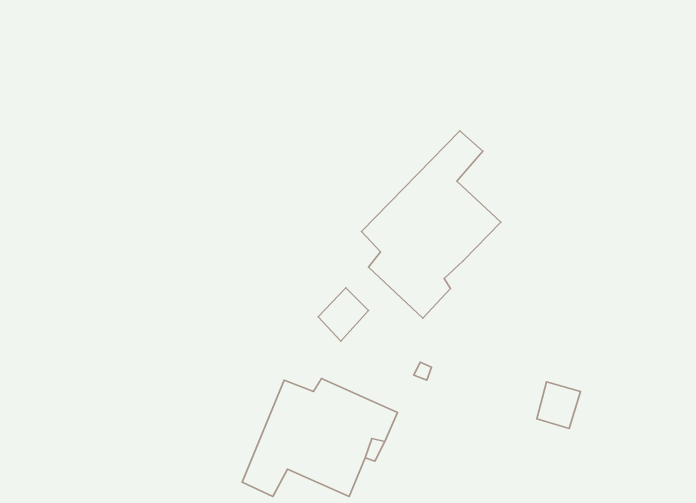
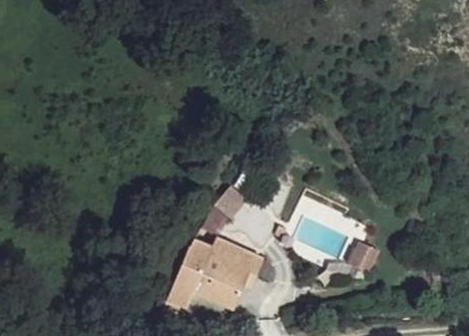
building: [361,131,501,318] -> none

